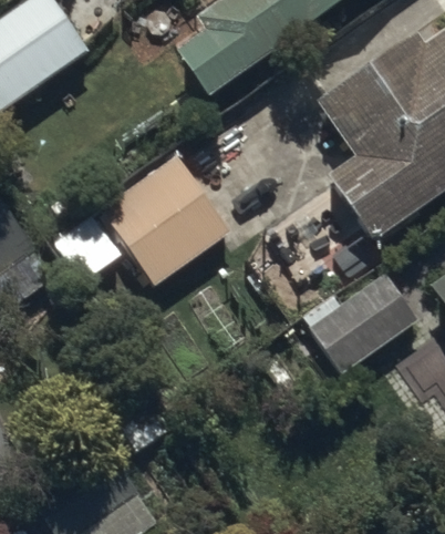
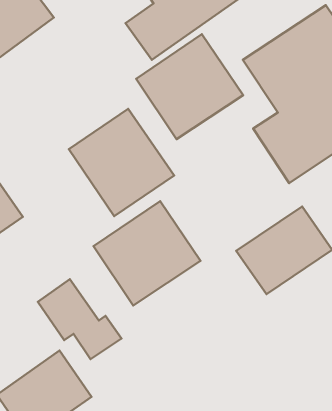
building: none -> [136,34,243,139]
building: none -> [94,201,201,305]

